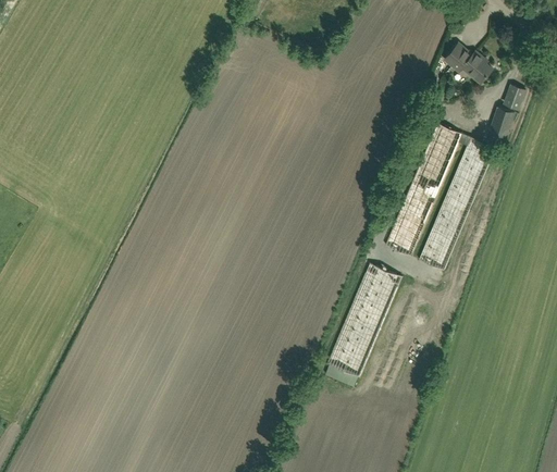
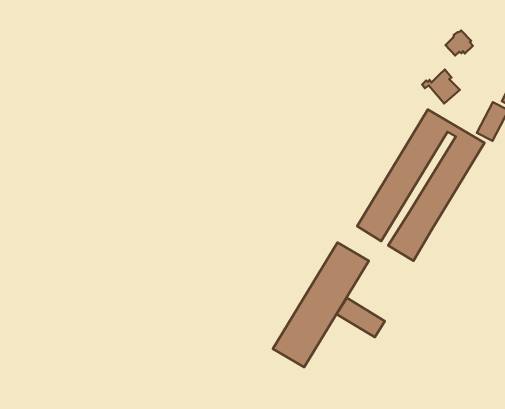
building: [455,50,492,83] -> [422,70,460,104]
building: none -> [337,298,385,337]

